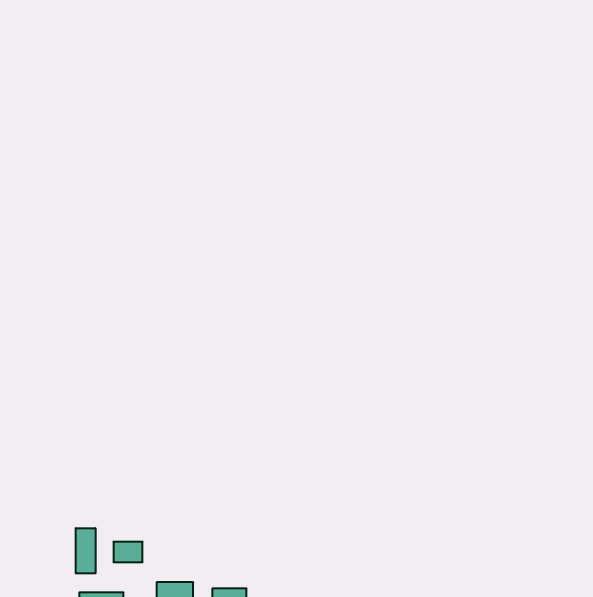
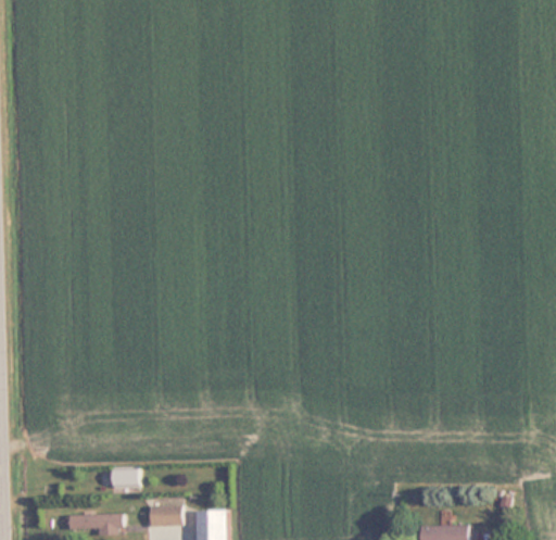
building: [76,528,95,573] -> none

